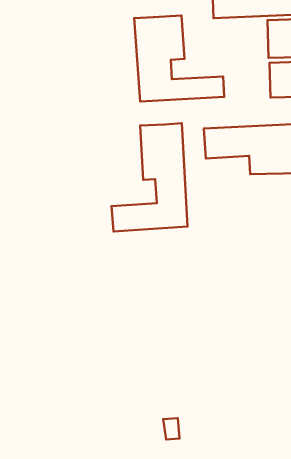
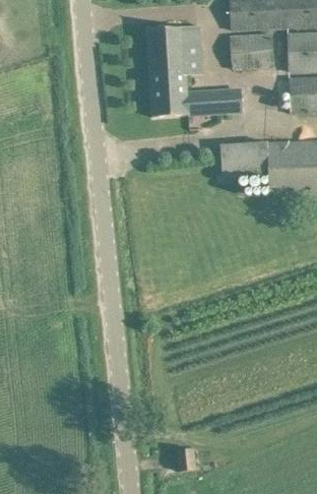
building: none -> [230,29,274,67]
building: [112,123,188,231] -> none

